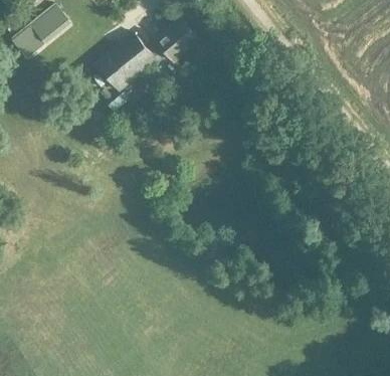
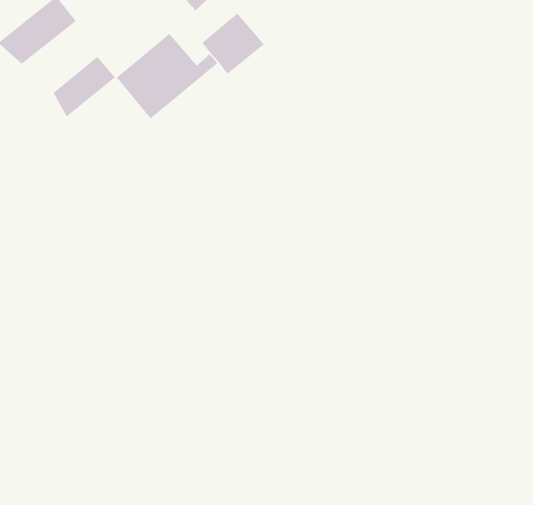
building: none -> [52,56,116,117]

